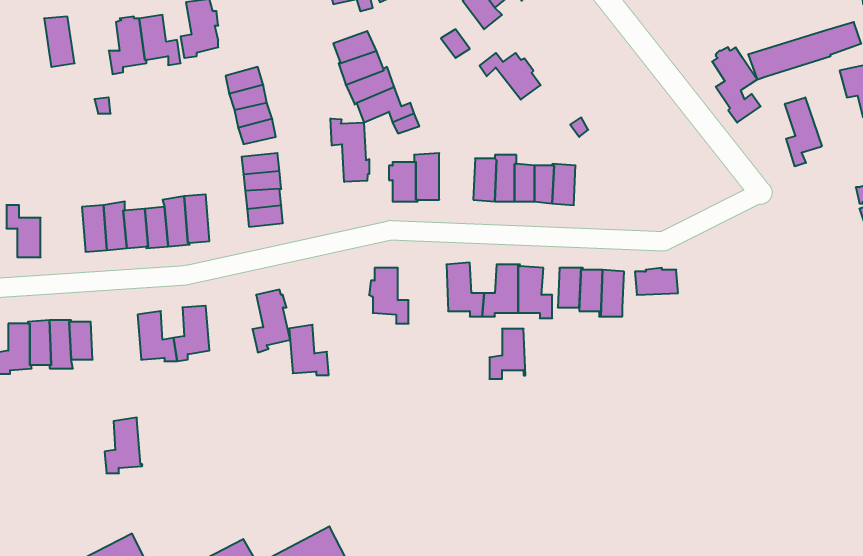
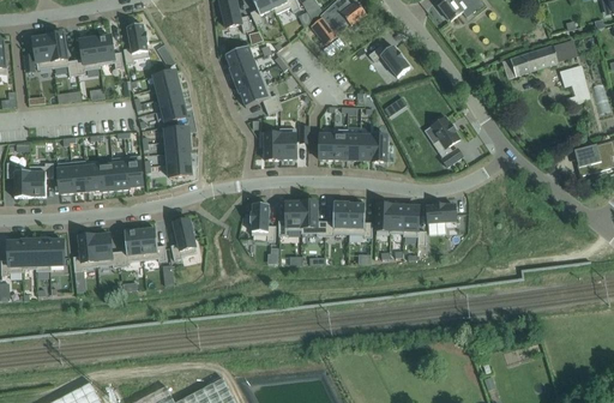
building: none -> [47,32,77,76]
building: [712,47,761,123] -> [429,116,462,167]
building: [480,53,541,100] -> [368,46,409,77]
building: [785,97,822,166] -> none
building: [331,118,369,182] -> none
building: none -> [29,163,53,197]
building: [289,325,329,375] -> [139,227,165,260]
building: [489,329,525,379] -> [277,202,301,235]
building: [105,418,142,473] -> [72,234,97,271]

